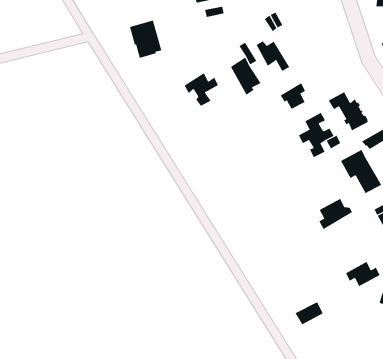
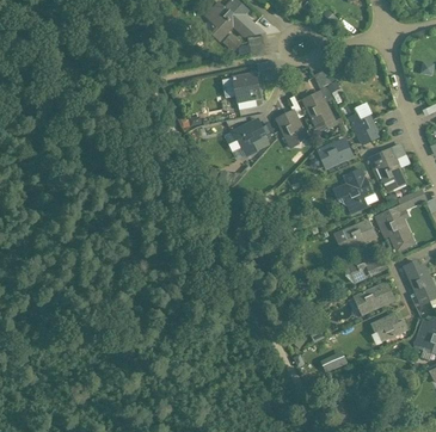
building: [129,20,162,59] -> [232,73,262,109]
building: none -> [349,101,377,143]
building: none -> [334,220,370,248]
building: none -> [354,284,393,313]

